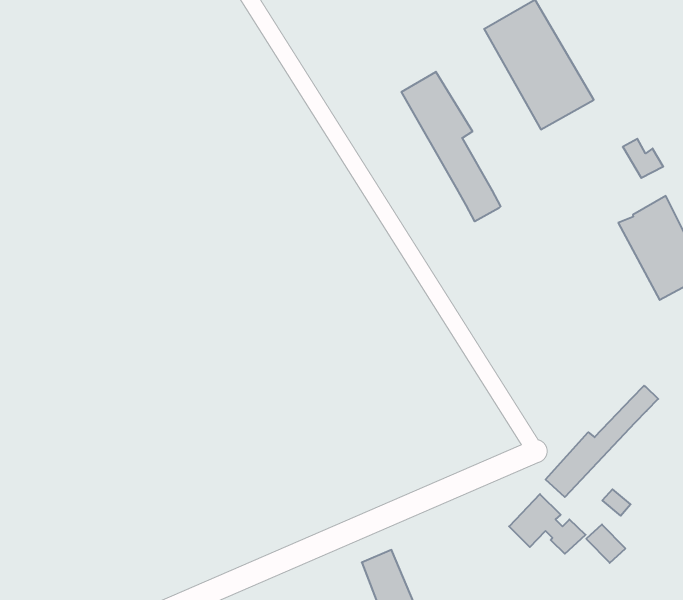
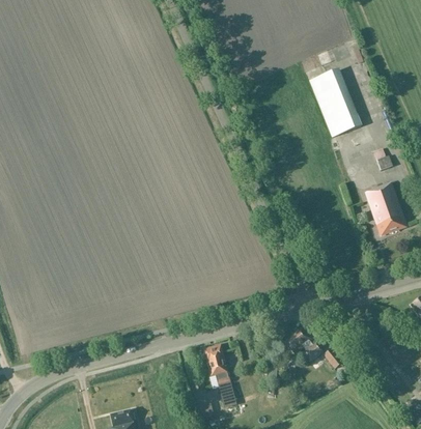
building: [402,72,501,221] -> none
building: [546,386,658,497] -> none

